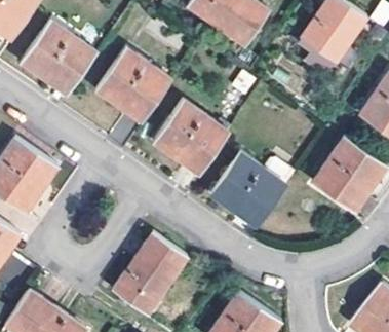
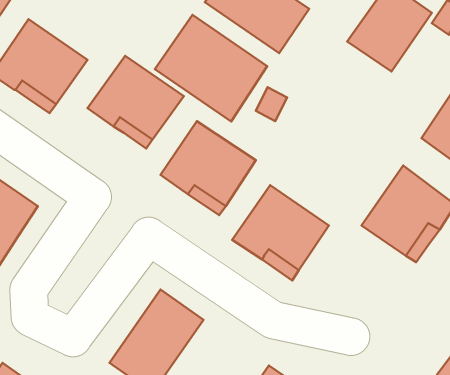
building: none -> [155,15,267,122]

